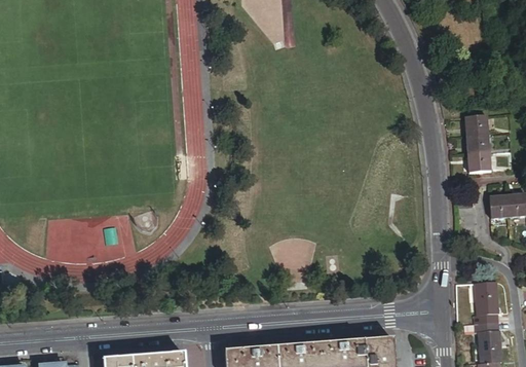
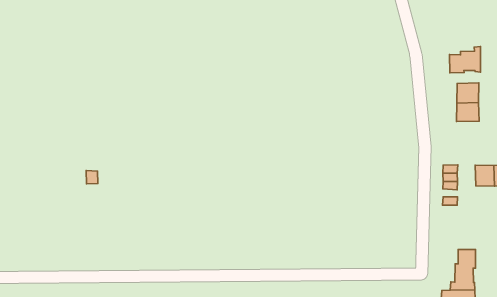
building: none -> [450,46,481,73]
building: [467,151,491,171] -> none

